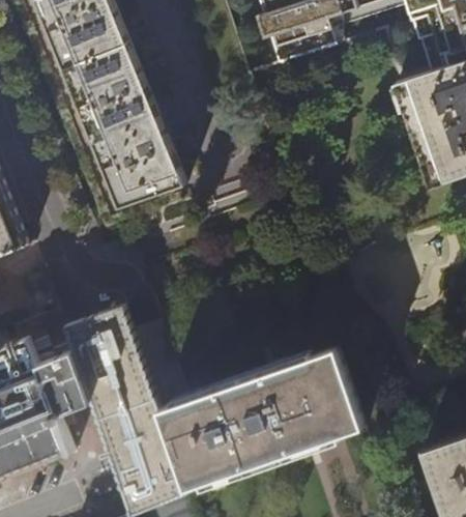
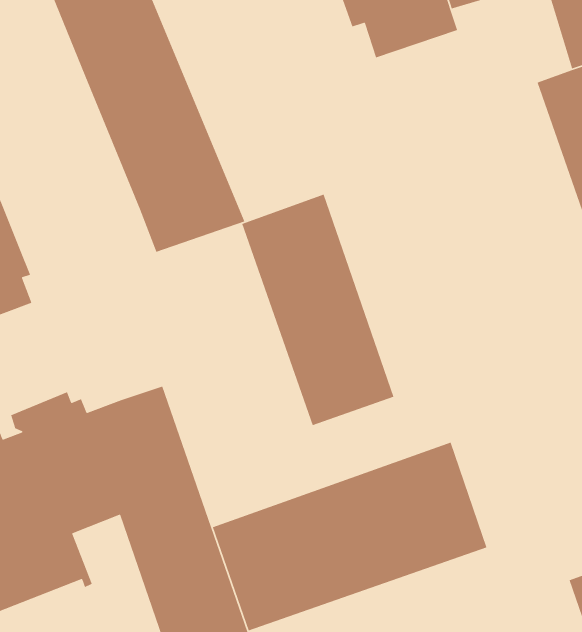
building: none -> [241,194,395,426]

